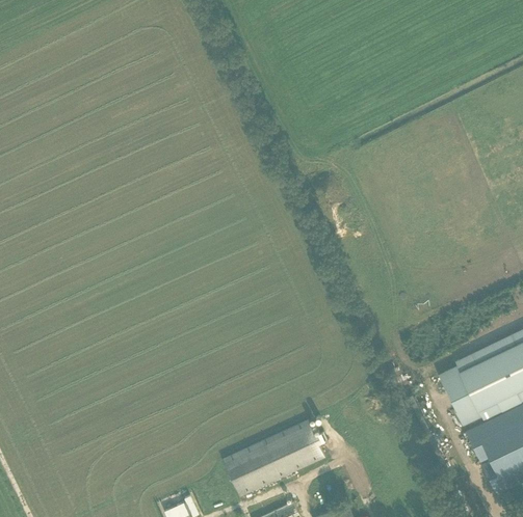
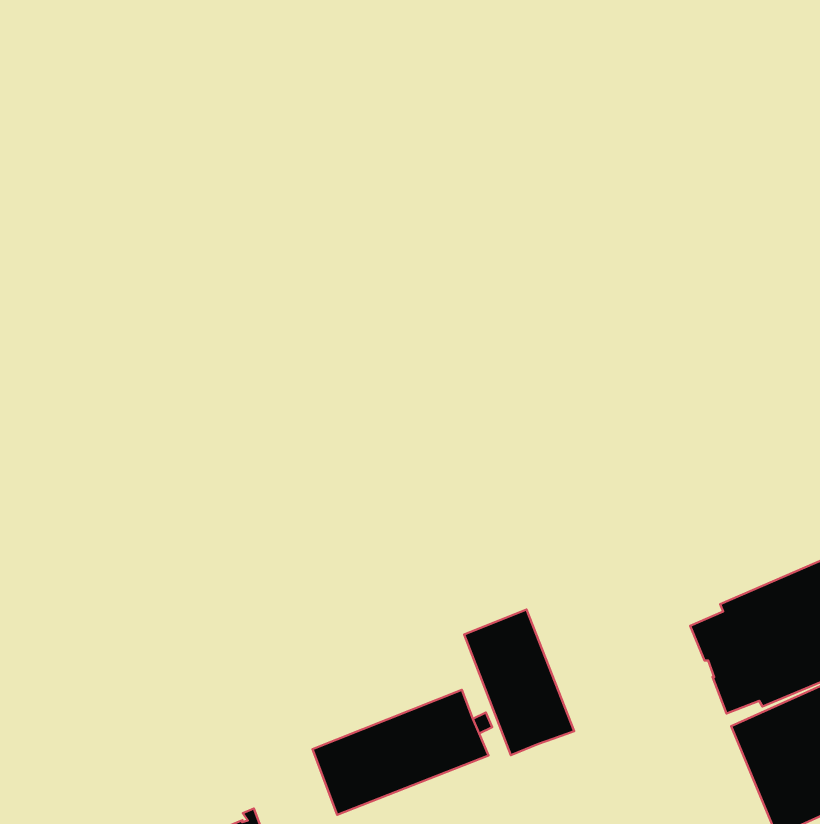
building: none -> [464,609,574,755]

